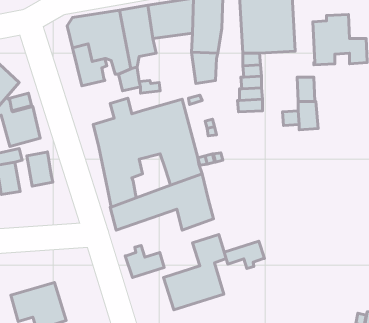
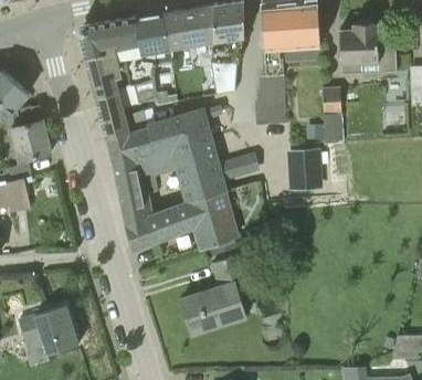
building: none -> [95,92,129,138]
building: none -> [293,147,324,184]
building: [27,152,53,186] -> none
building: [224,241,265,268] -> none
building: [125,245,164,277] -> none

